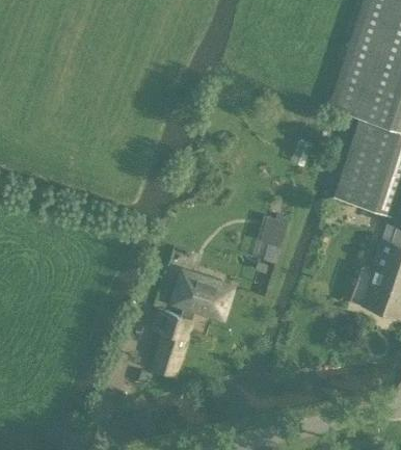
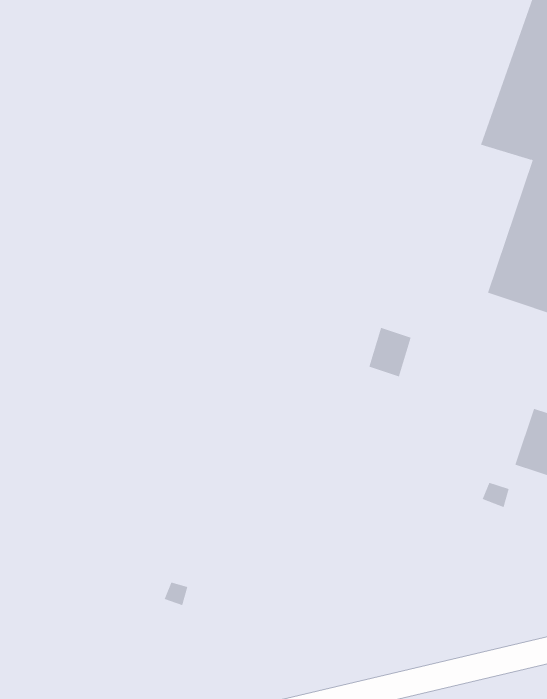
building: [153,271,233,376] -> none

